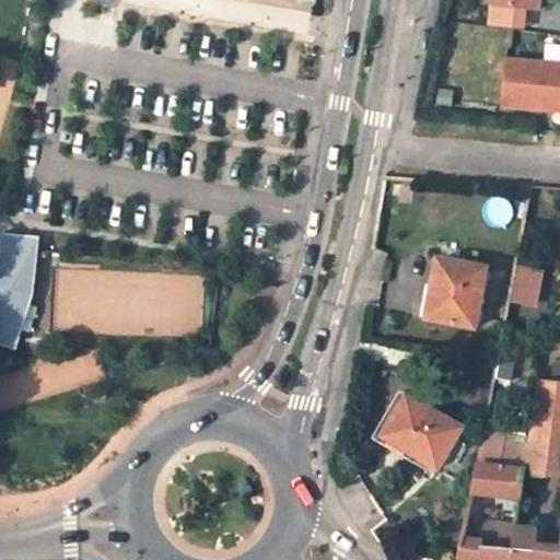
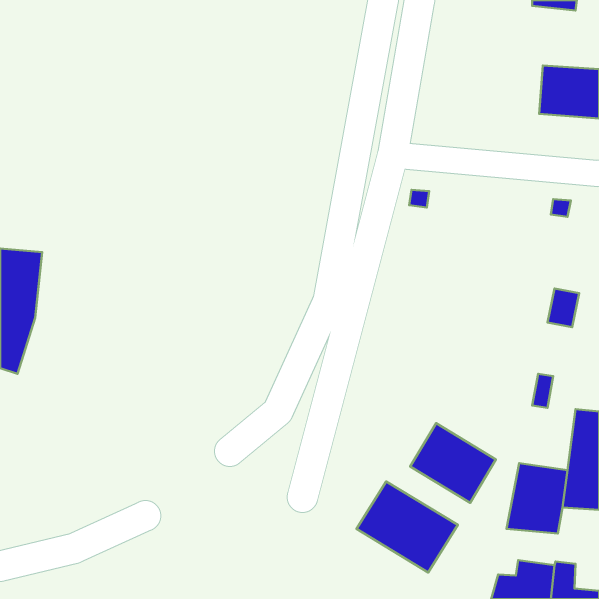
building: [427,258,487,327] -> none
building: none -> [357,481,458,572]

